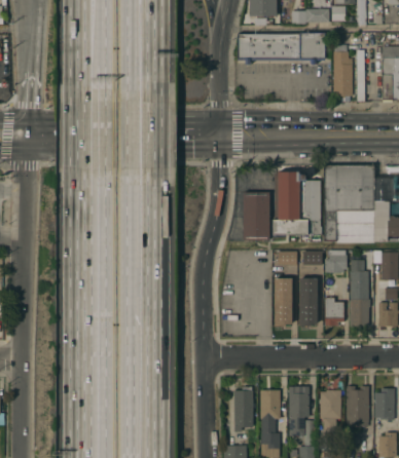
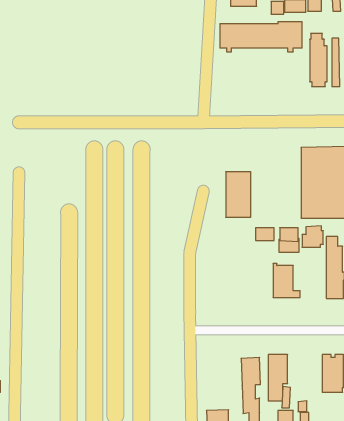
building: [273,170,322,237] -> none
building: [273,278,291,326] -> none
building: [325,298,344,326] -> none
building: [234,386,253,431] -> none
building: [319,389,341,430] -> none

